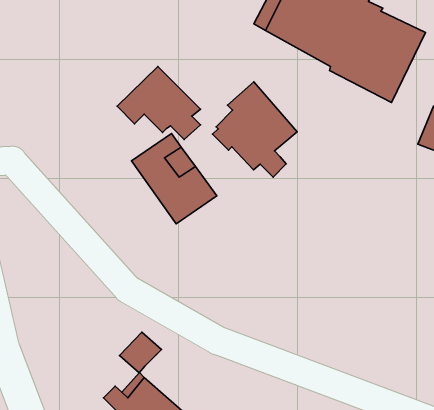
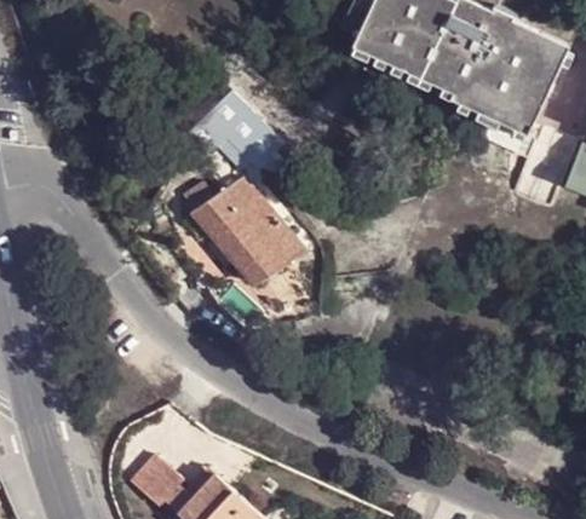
building: [213,82,297,177] -> none
building: [120,332,161,373] -> [133,459,185,509]

